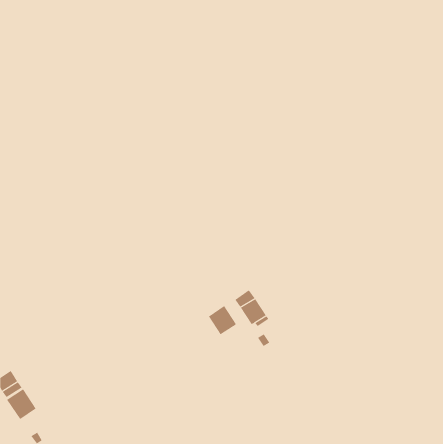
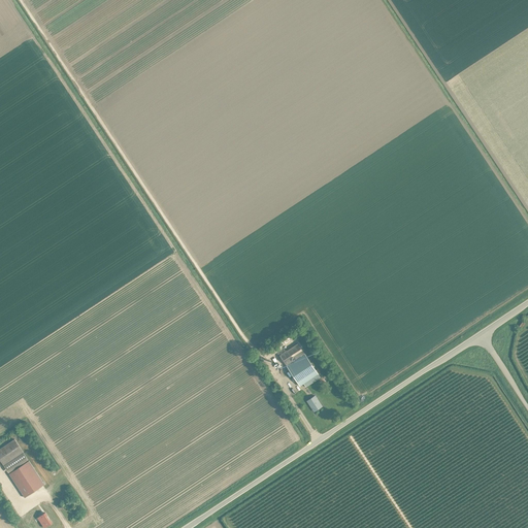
building: [208,305,236,335] -> none

